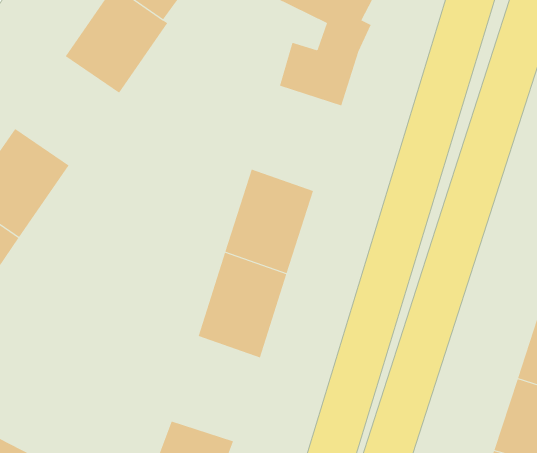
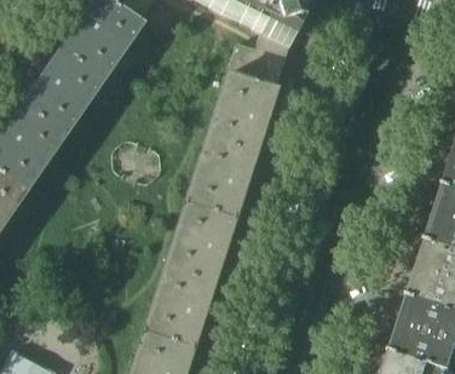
building: none -> [21,53,102,138]
building: none -> [203,76,273,157]
building: none -> [142,270,211,351]

